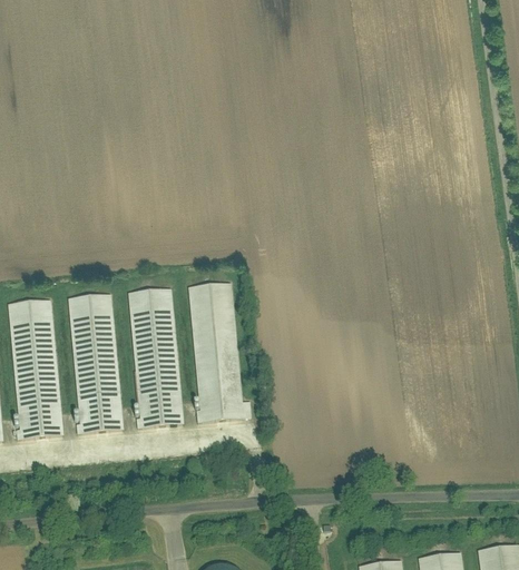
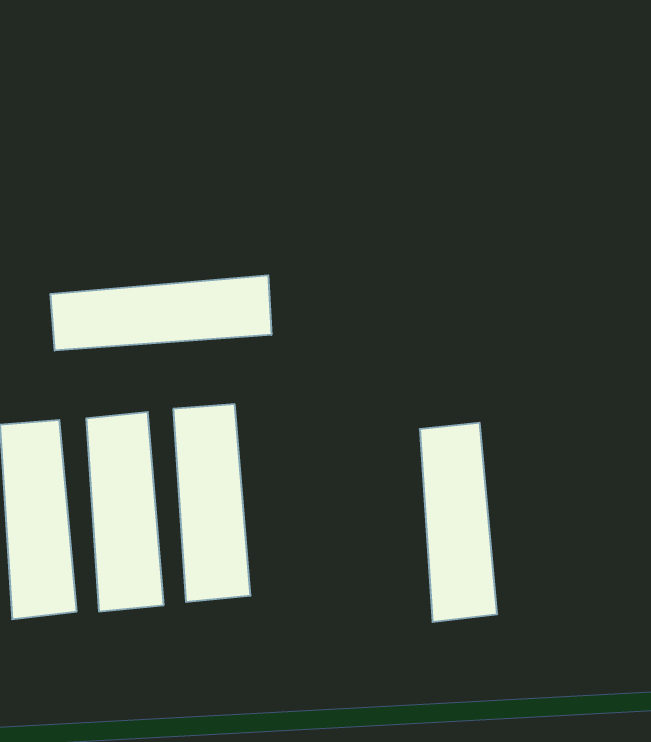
building: none -> [50,275,271,351]
building: [188,282,243,422] -> [420,423,497,622]

